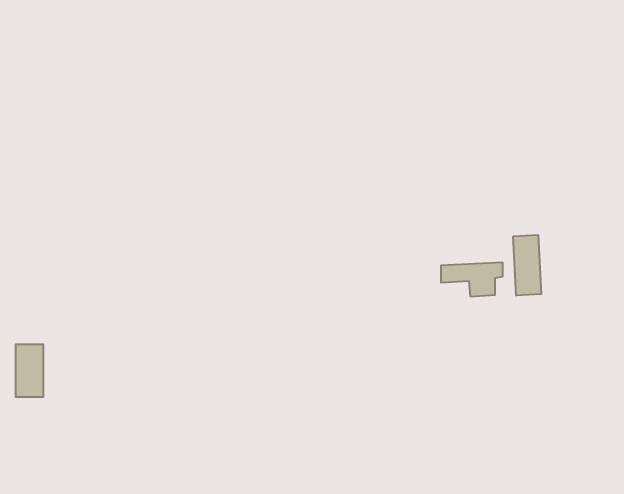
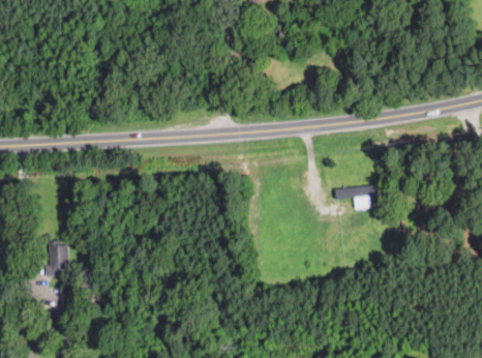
building: [513,235,541,296] -> none

